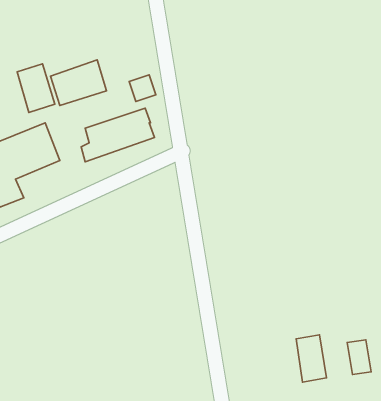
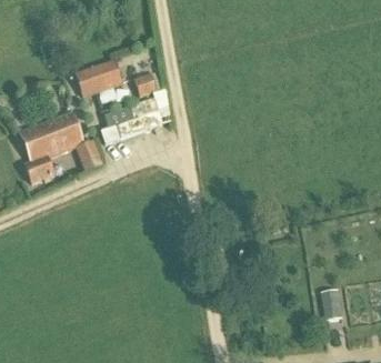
building: [17,64,55,113] -> none
building: [296,335,326,382] -> none

